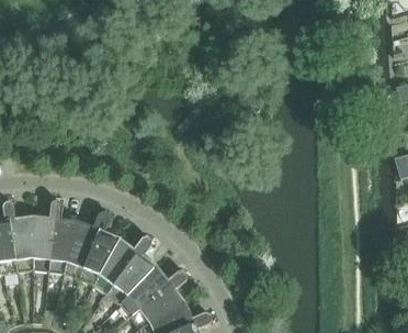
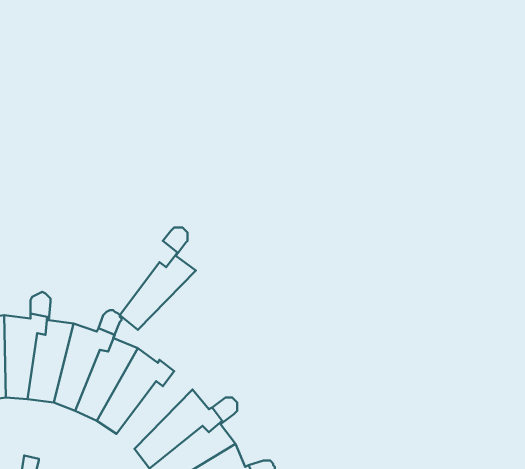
building: [107,235,158,303] -> [120,228,196,330]

